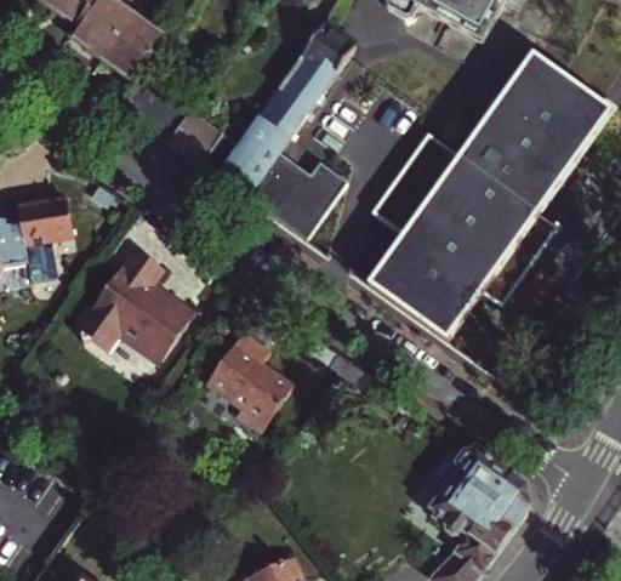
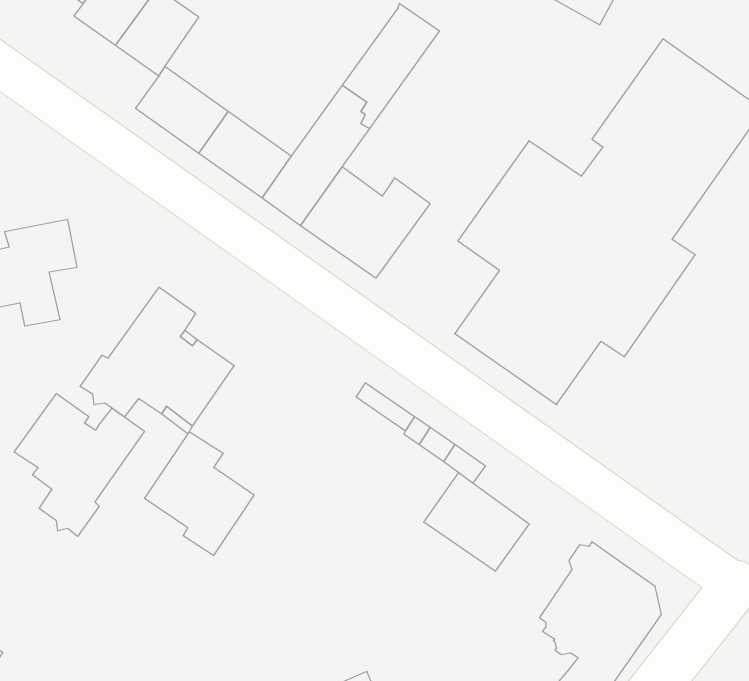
building: none -> [14,393,144,536]
building: [205,336,291,433] -> [145,432,254,555]
building: none -> [424,472,529,571]

